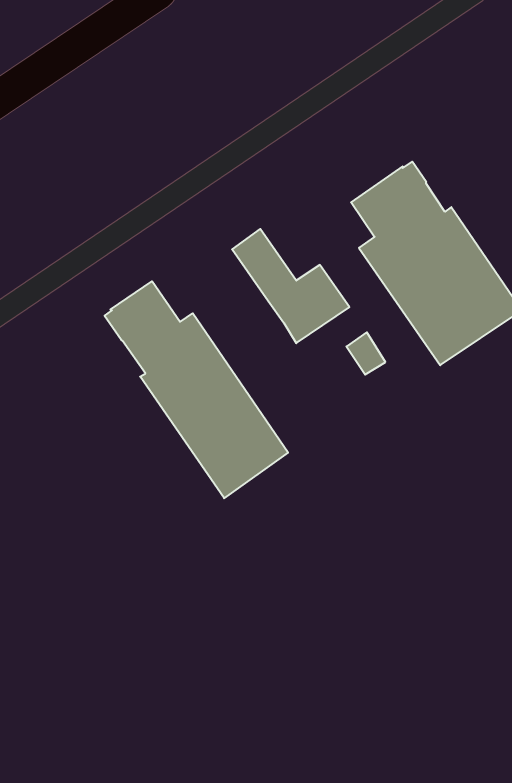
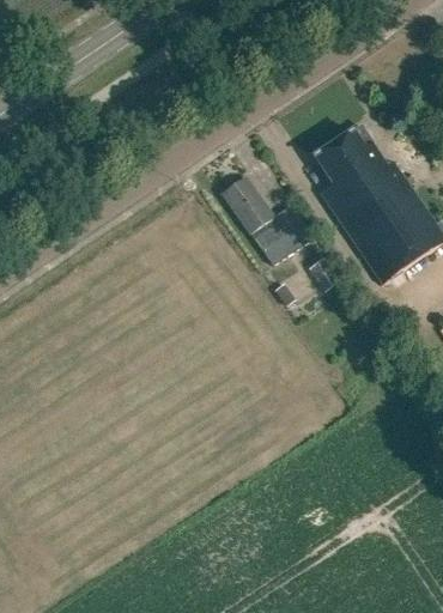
building: [105,281,288,498] -> none

